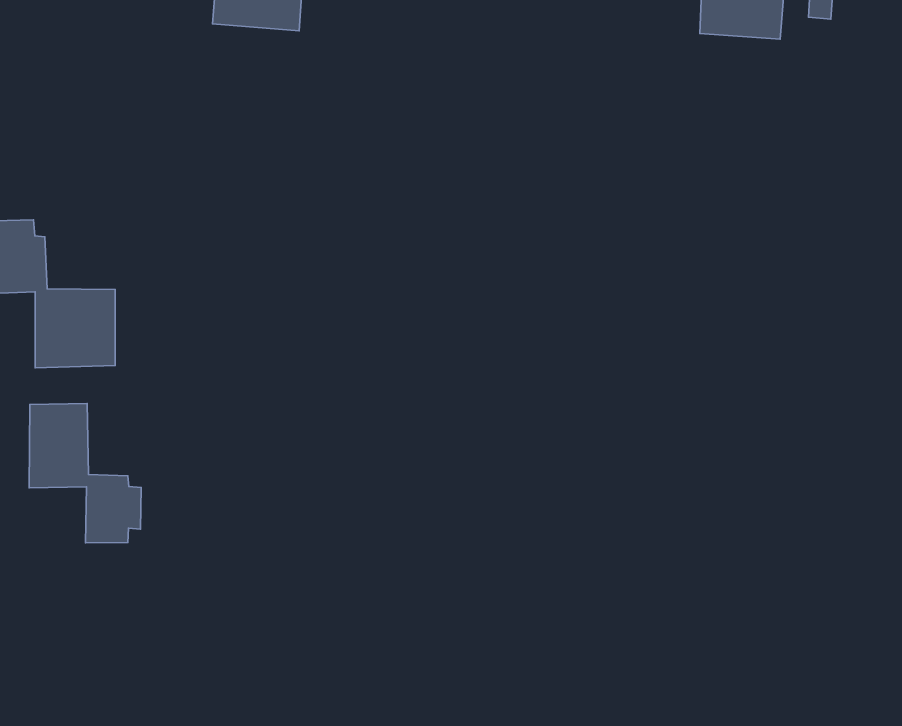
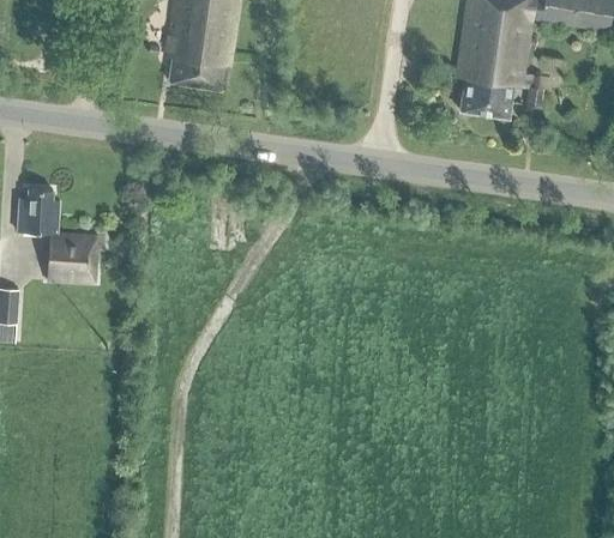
building: [29,403,141,543] -> none

